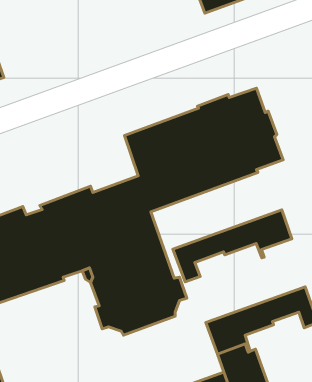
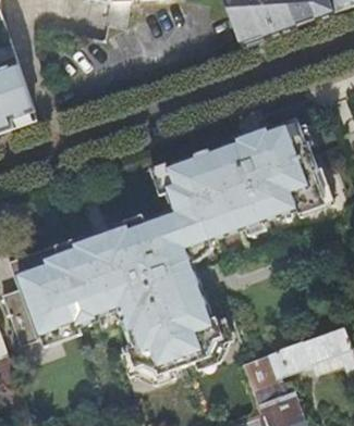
building: [173,210,292,282] -> none

